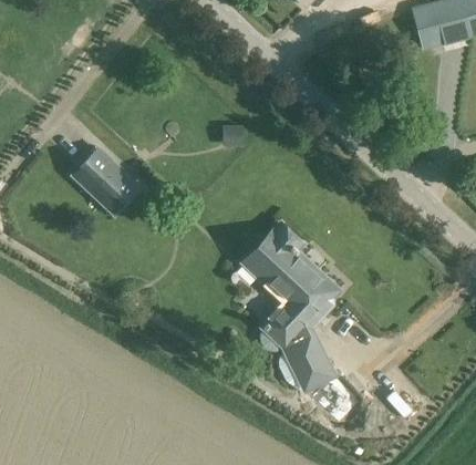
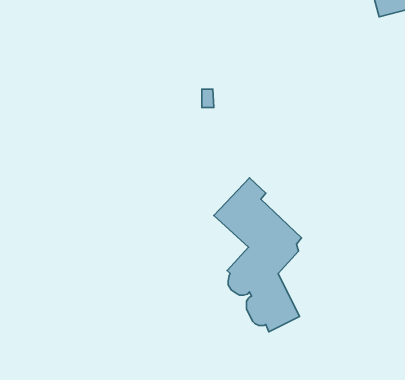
building: [76,146,143,210] -> none

